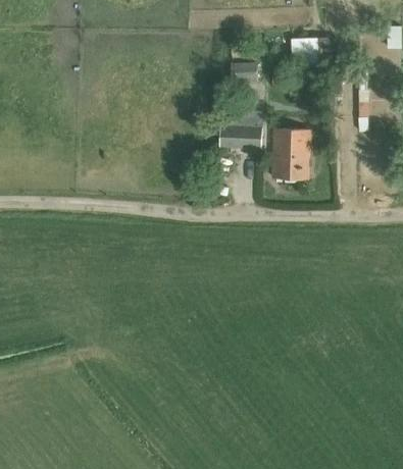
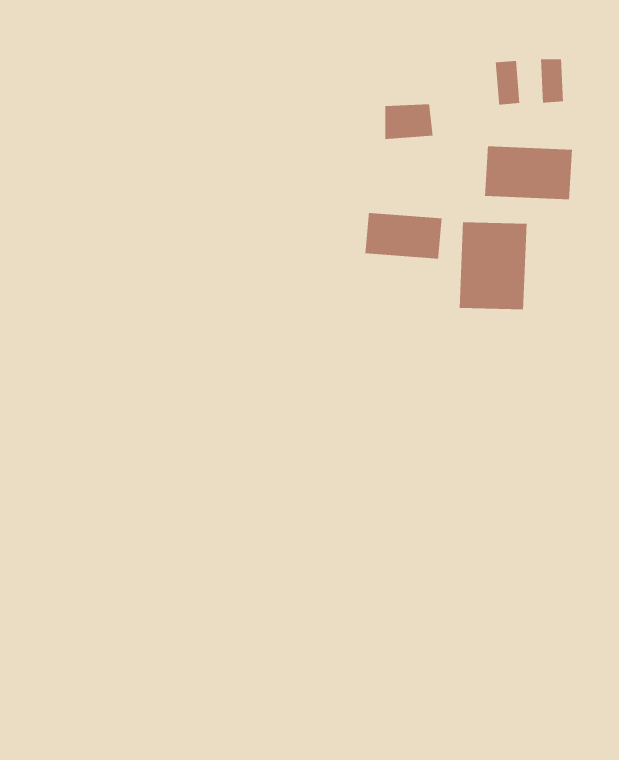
building: none -> [484,146,573,200]

